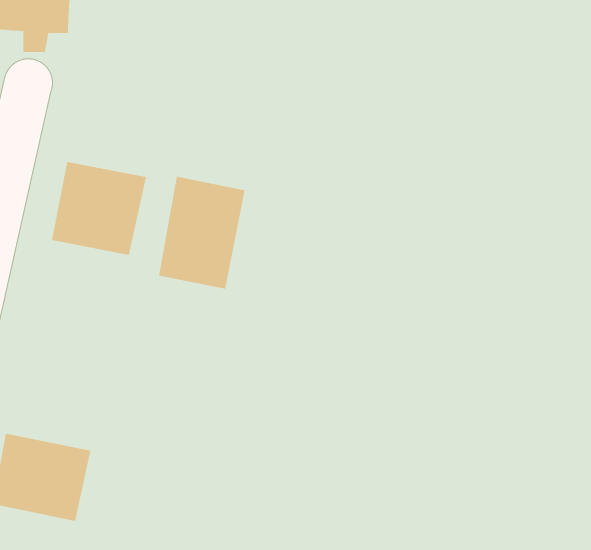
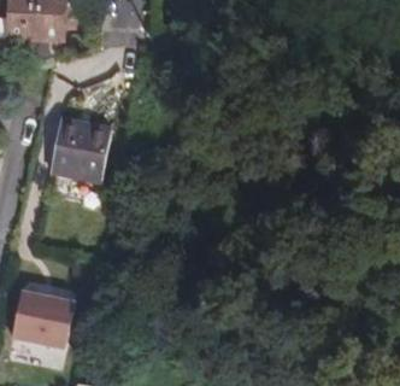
building: [159,176,245,289] -> none

